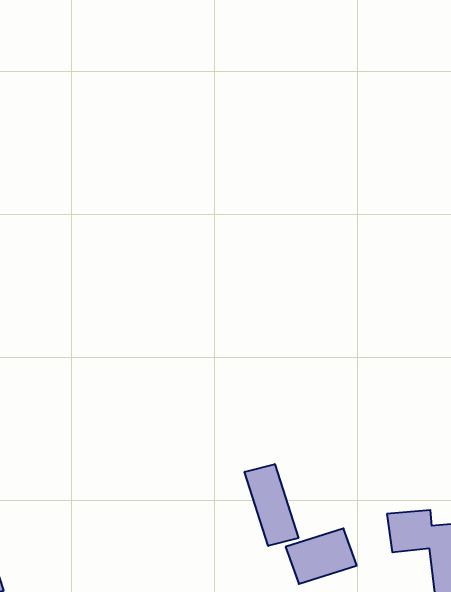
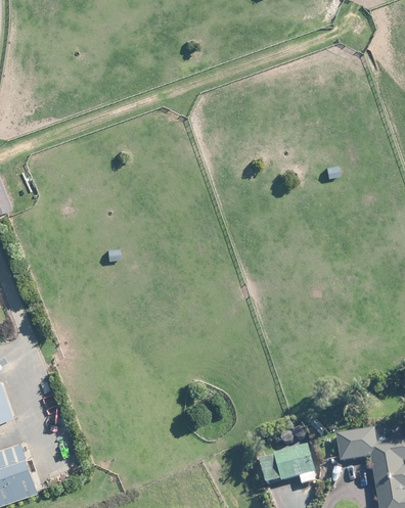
building: [245,464,298,546] -> none

